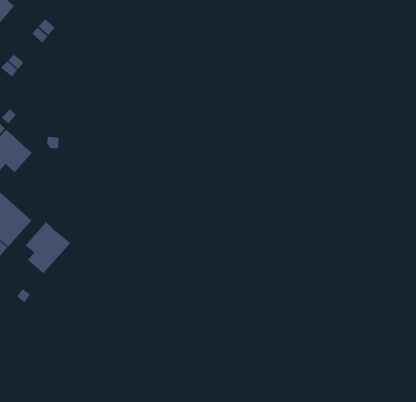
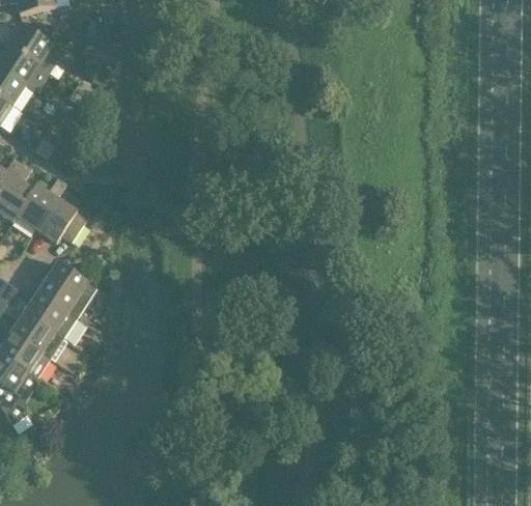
building: [24,221,71,274] -> none

